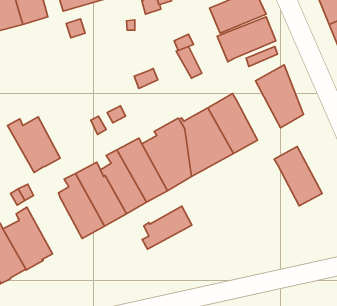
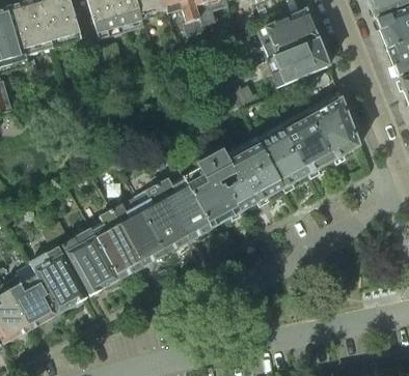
building: [7,117,60,172] -> [62,234,119,294]
building: [274,147,322,206] -> [282,108,334,172]
building: [142,206,192,249] -> none

